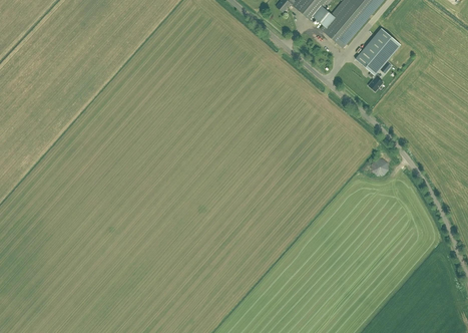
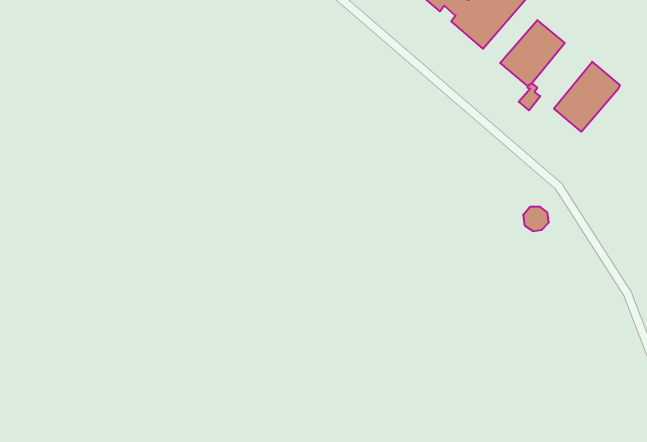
building: none -> [554,62,620,132]

